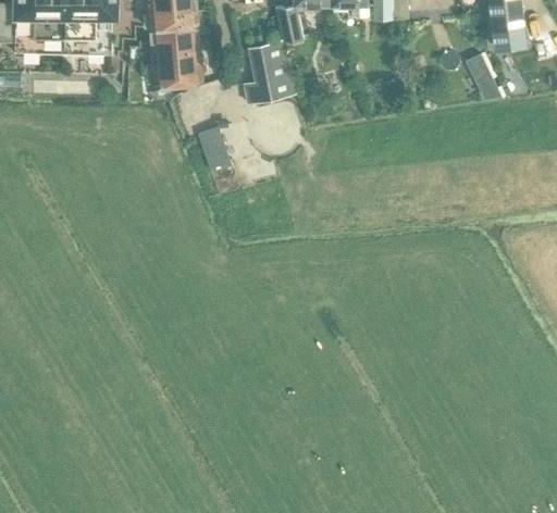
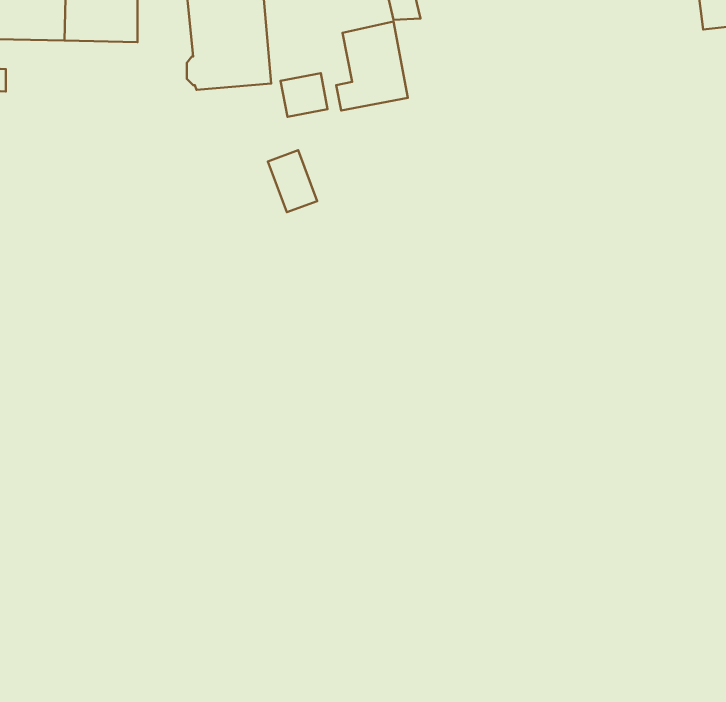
building: [466,52,505,99] -> none
building: none -> [280,73,328,117]

